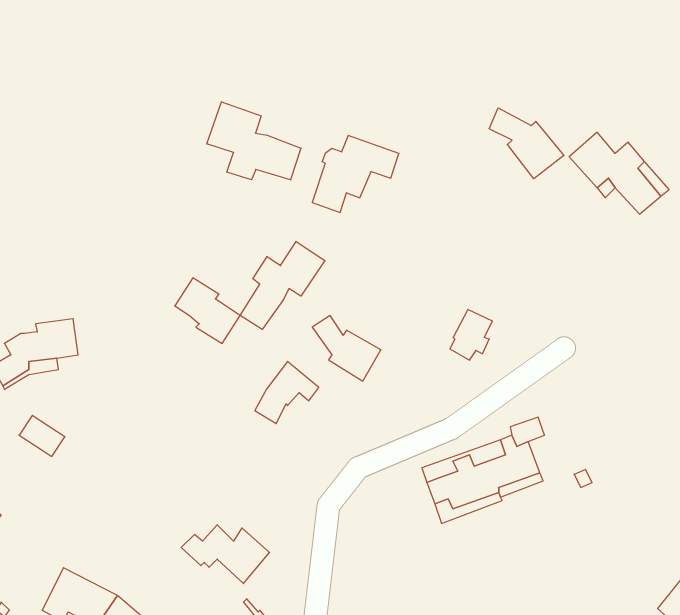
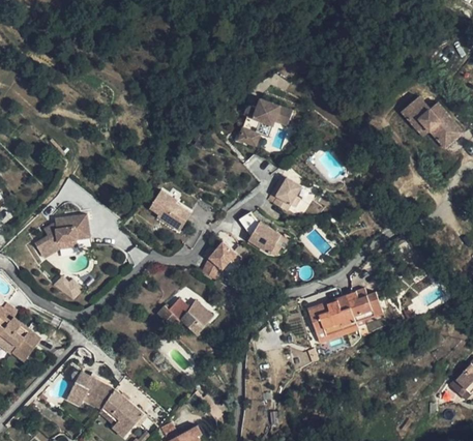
building: [207,102,301,180] -> none
building: [489,108,564,179] -> none
building: [240,241,325,329] -> none
building: [450,310,492,360] -> [272,176,299,208]
building: [181,525,270,584] -> [156,297,212,334]

